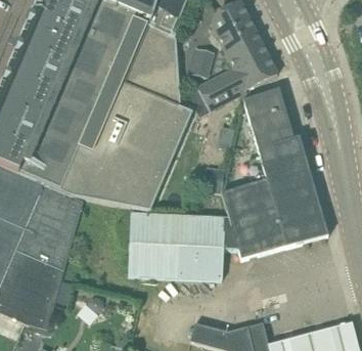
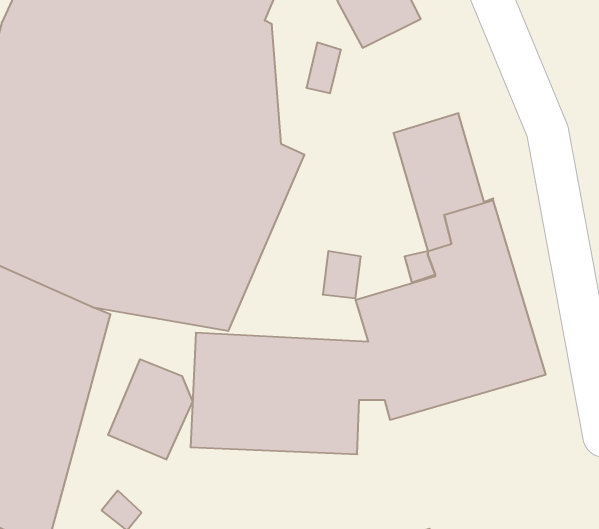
building: [197,34,277,111] -> none
building: none -> [108,359,193,460]

